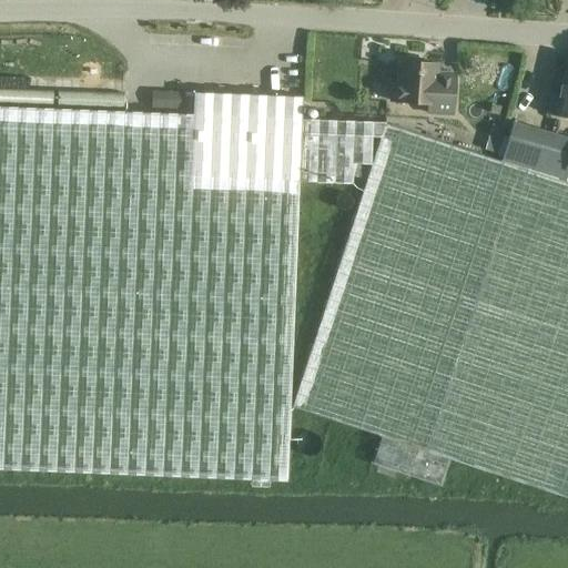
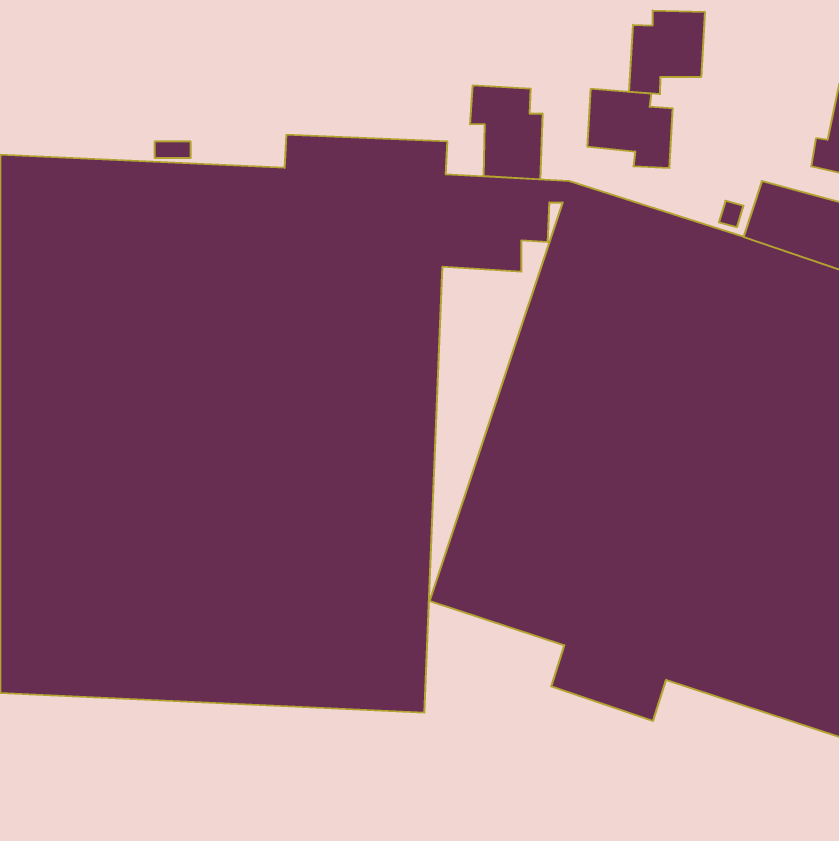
building: none -> [629,10,705,94]
building: none -> [470,85,542,179]

